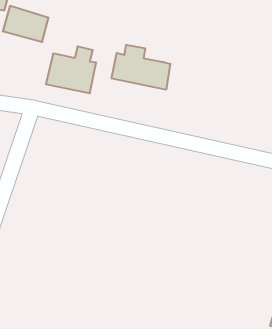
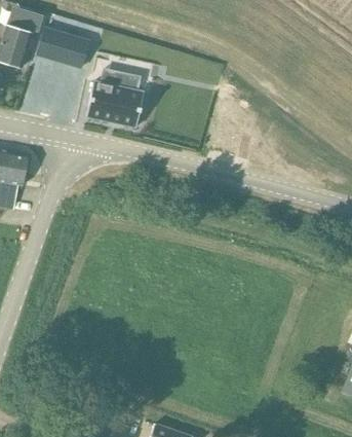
building: [112,45,170,90] -> none

